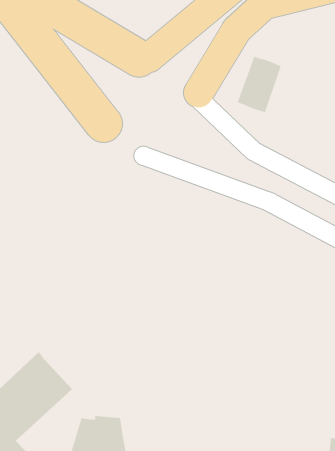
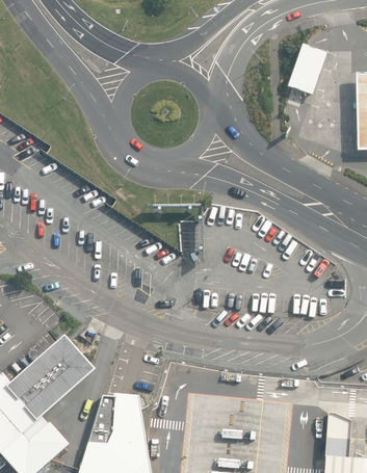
building: [237,56,281,113] -> [287,44,327,96]

